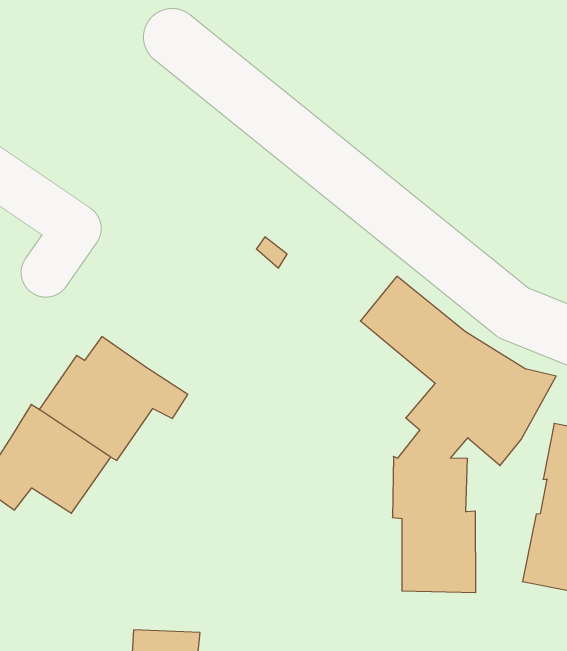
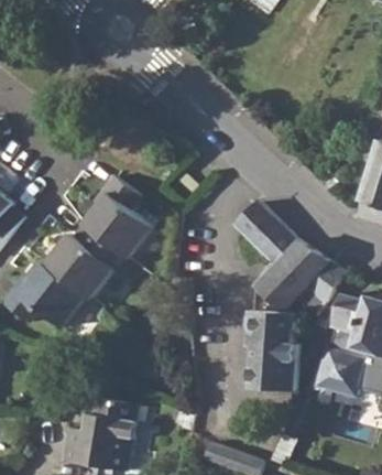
building: none -> [85,179,151,258]

